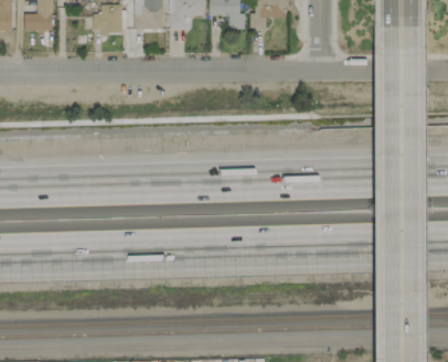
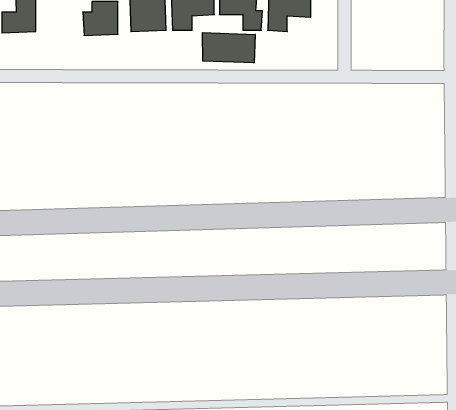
building: none -> [202,33,255,63]

